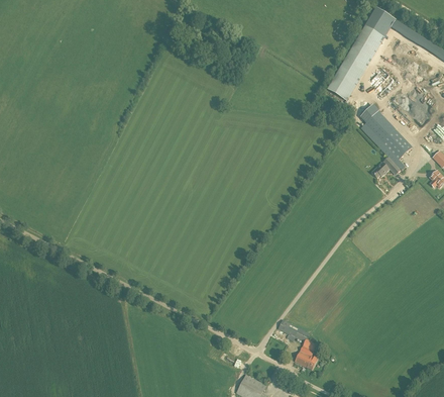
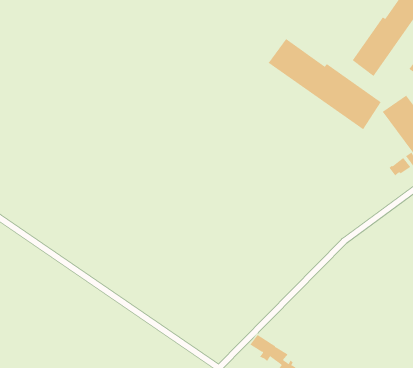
building: none -> [268,38,381,130]

